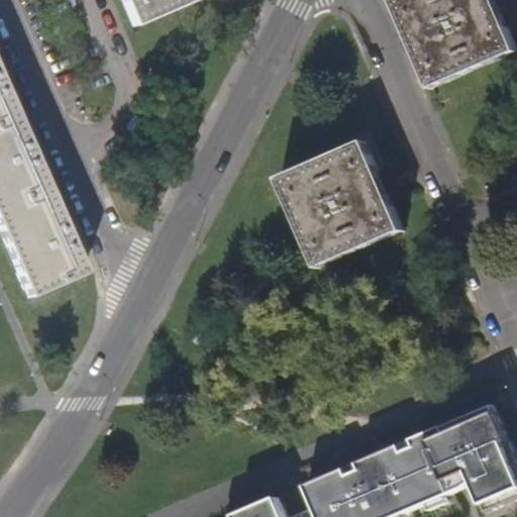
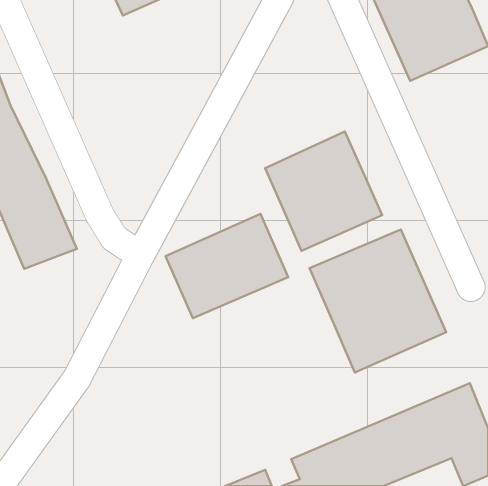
building: none -> [165,214,288,318]
building: none -> [310,230,446,372]

